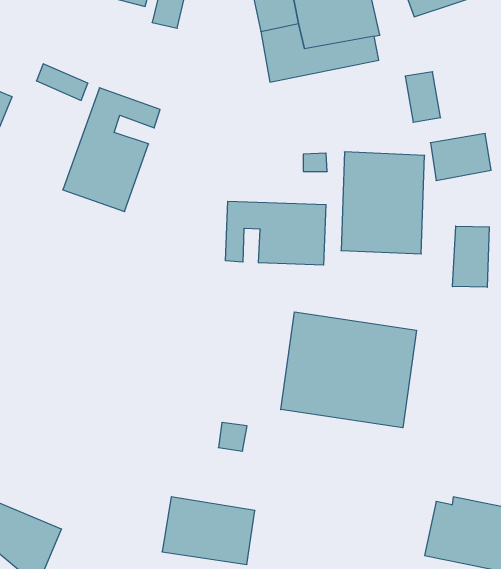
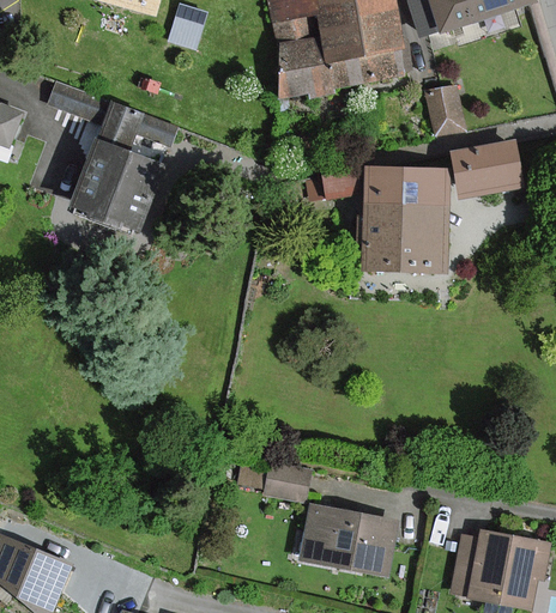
building: [226,201,326,265] -> none
building: [453,226,489,287] -> none
building: [281,312,416,428] -> none
building: none -> [264,466,312,504]
building: [162,497,255,564] -> [301,505,398,576]

